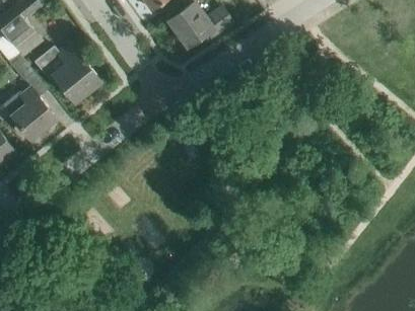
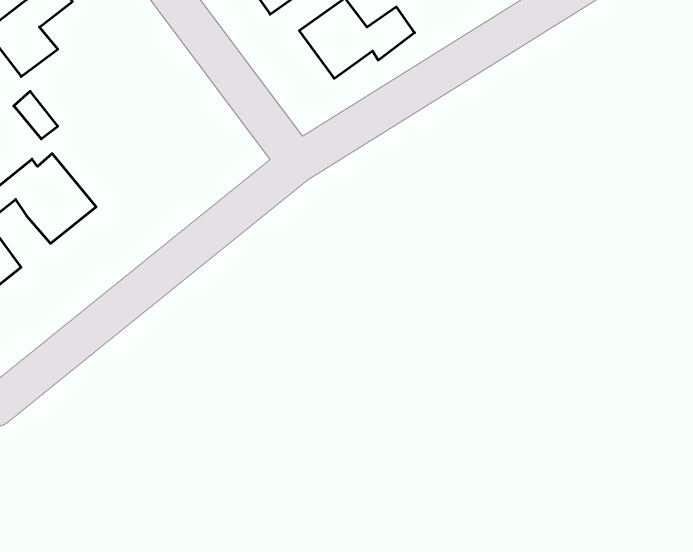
building: [36,45,100,102] -> none

